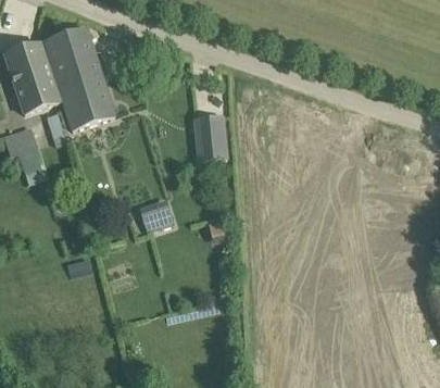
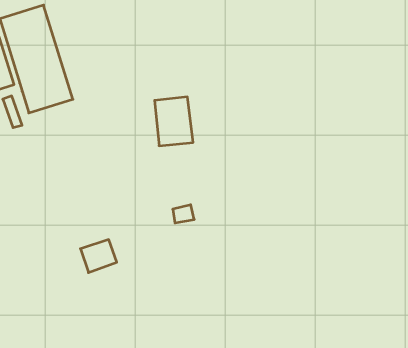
building: [138,200,173,231] -> [80,240,117,273]

